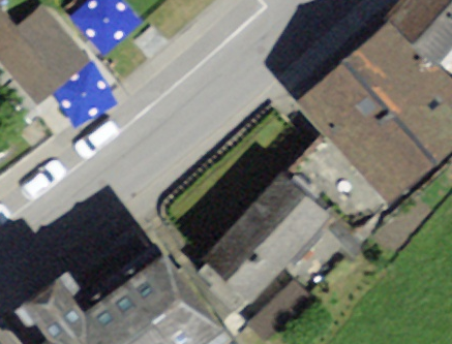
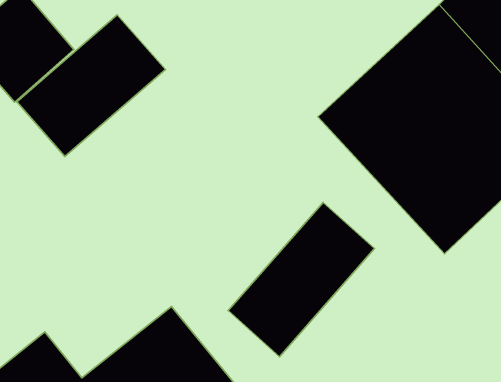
building: none -> [17,15,165,157]

